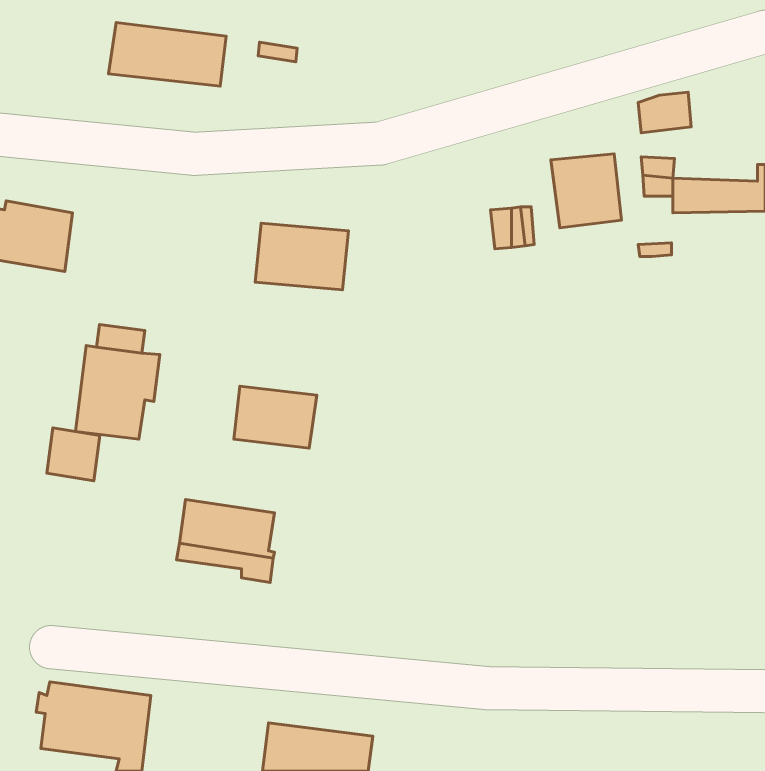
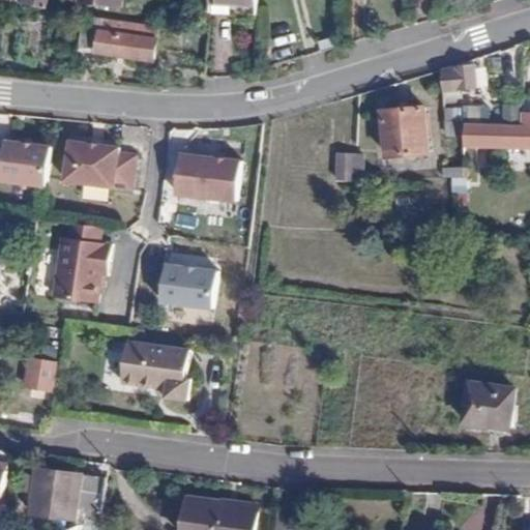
building: none -> [64,140,135,189]
building: [47,428,100,481] -> [19,355,55,391]
building: none -> [461,381,513,430]

